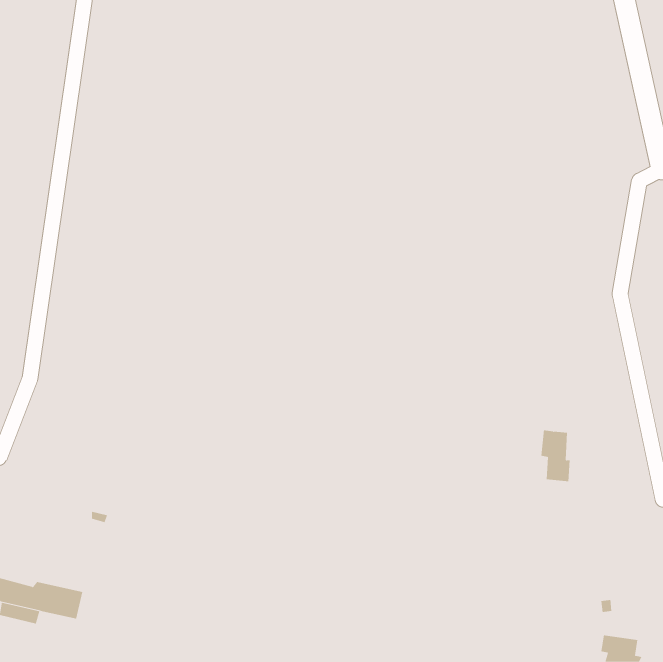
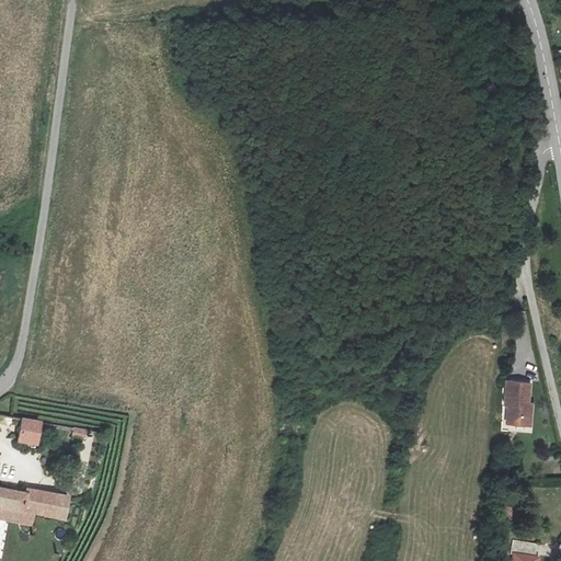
building: [541,430,570,482] -> [503,378,528,422]
building: none -> [19,417,54,444]

